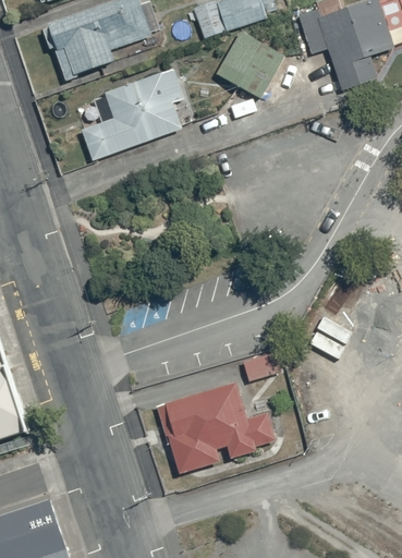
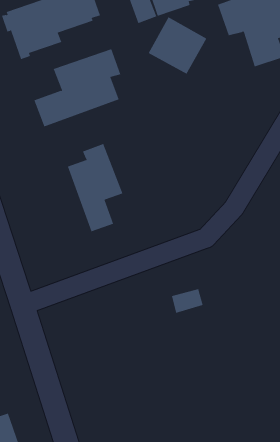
building: none -> [67,143,123,232]
building: [155,381,273,473] -> none

